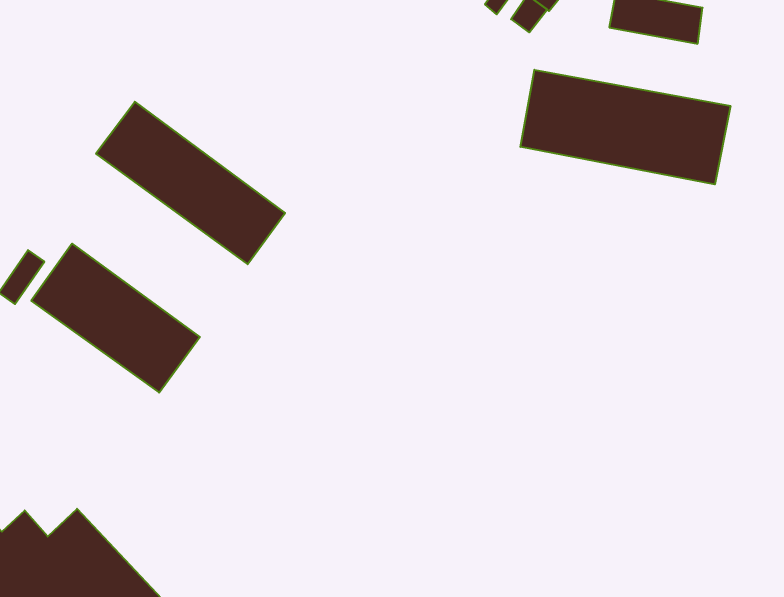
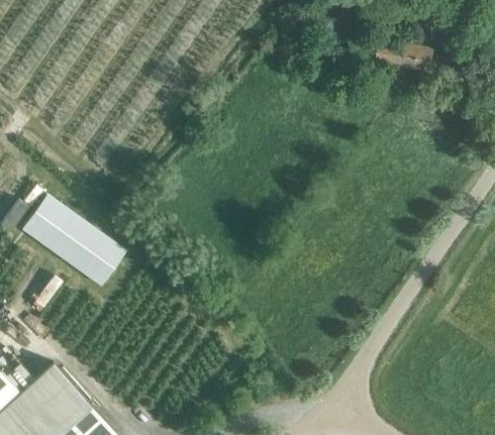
building: [520,70,730,184] -> none
building: [96,102,285,264] -> none

